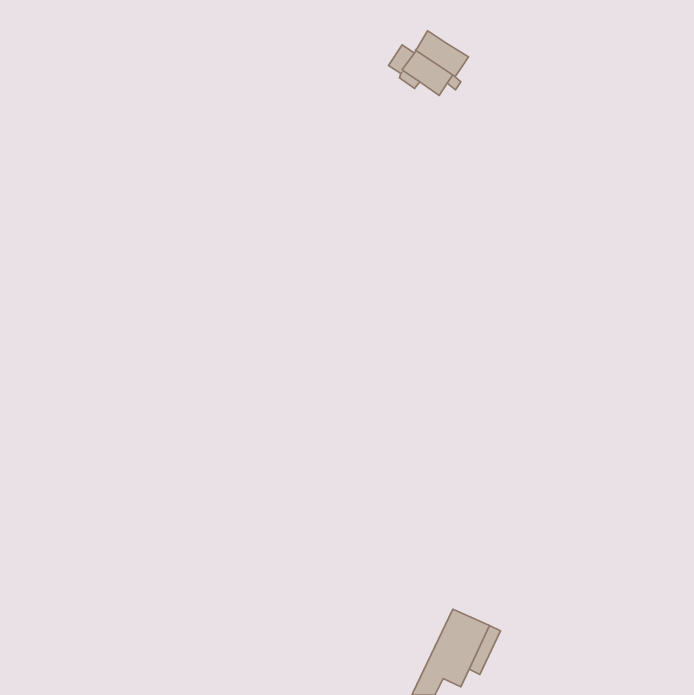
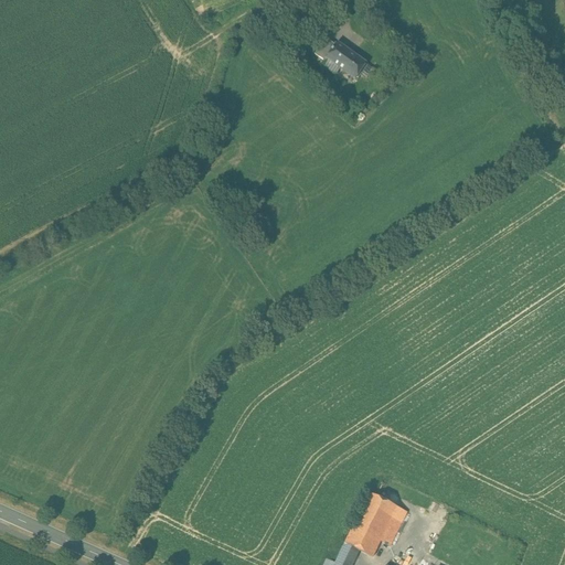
building: [415,31,468,77] -> none

